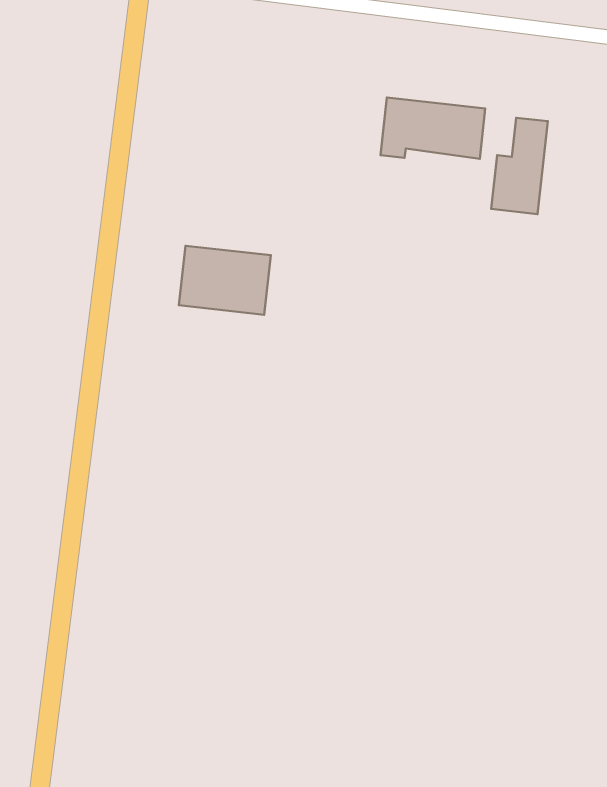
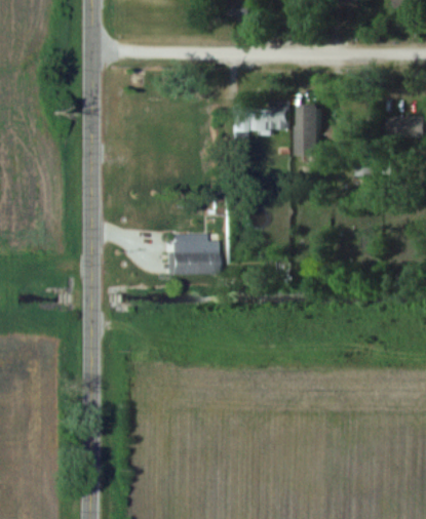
building: [179,246,271,315] -> [167,239,215,272]

